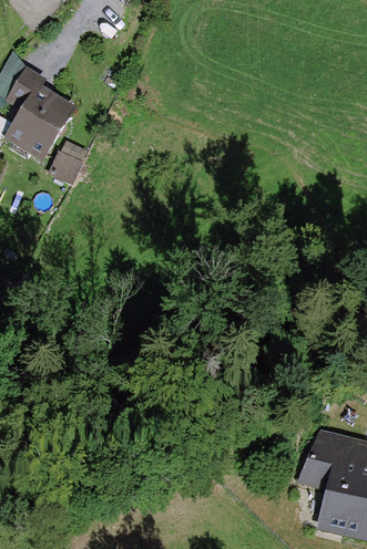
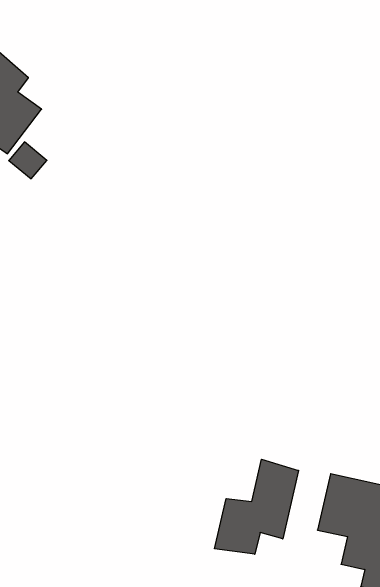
building: none -> [215,459,299,554]

